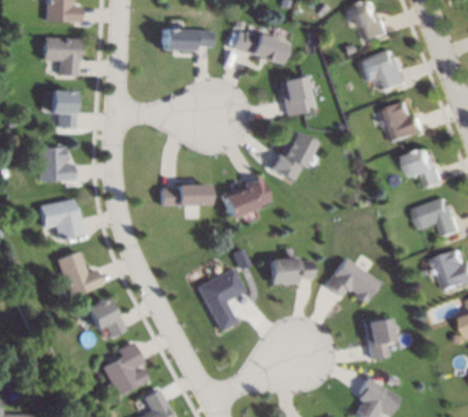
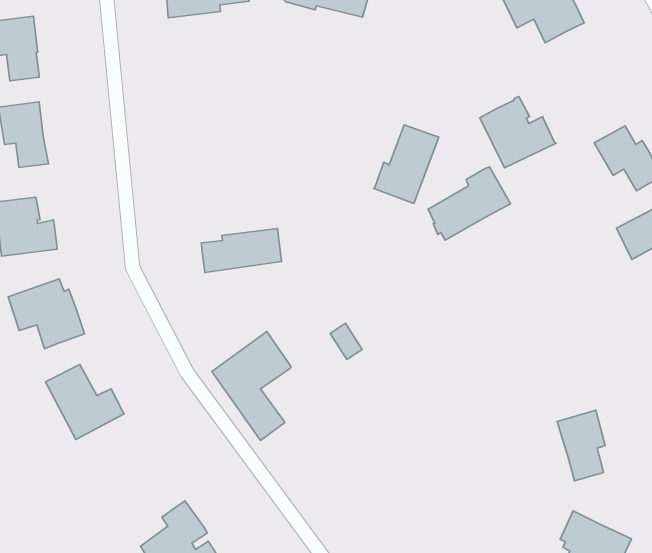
building: [279,75,315,116] -> none
building: [382,101,426,143] -> [480,96,556,168]
building: [221,176,271,217] -> [428,167,511,240]
building: [270,257,314,285] -> none
building: [325,258,379,303] -> none
building: [199,267,247,332] -> [212,332,291,440]
building: [86,299,128,336] -> none

